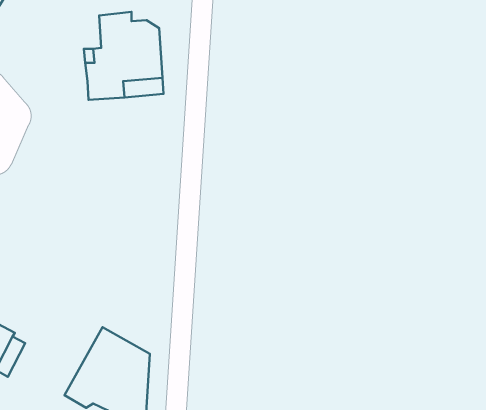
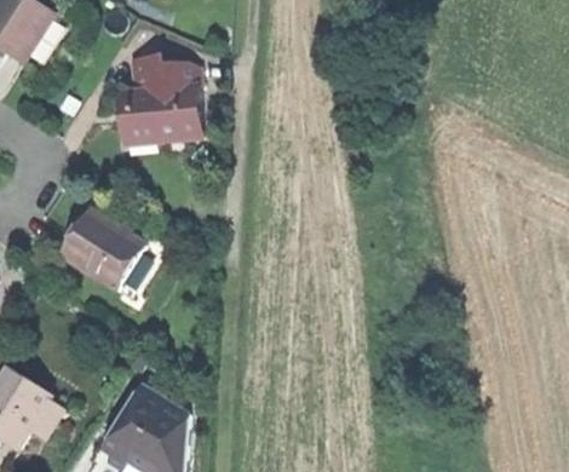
building: none -> [59,209,145,290]

